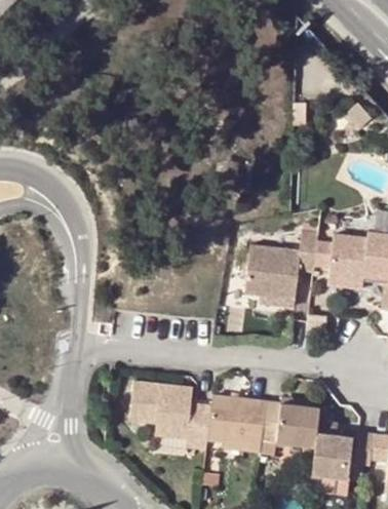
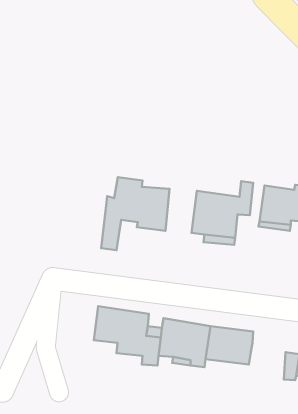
building: none -> [101,177,169,250]
building: [311,433,352,478] -> none

